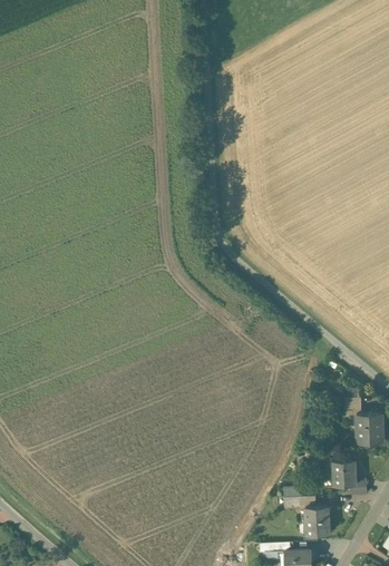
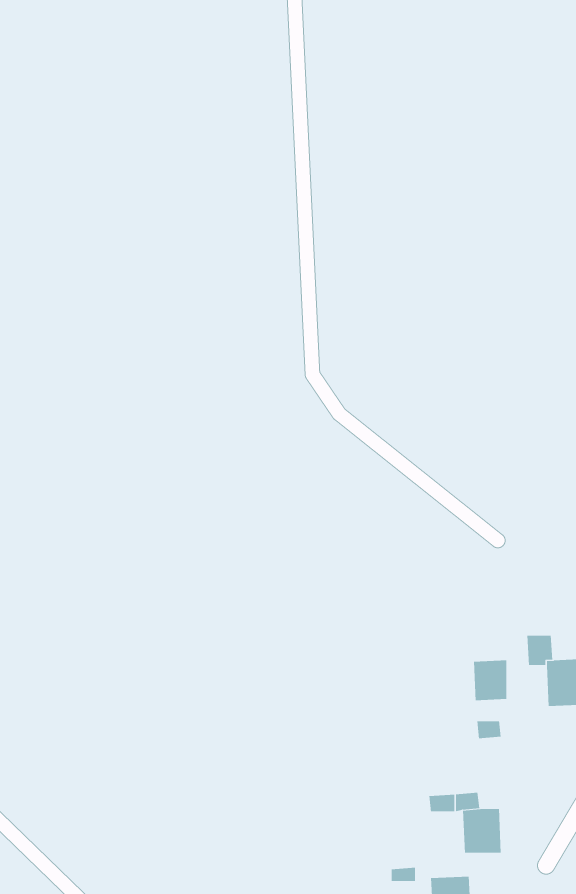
building: [334,459,356,485] -> [473,660,507,701]

